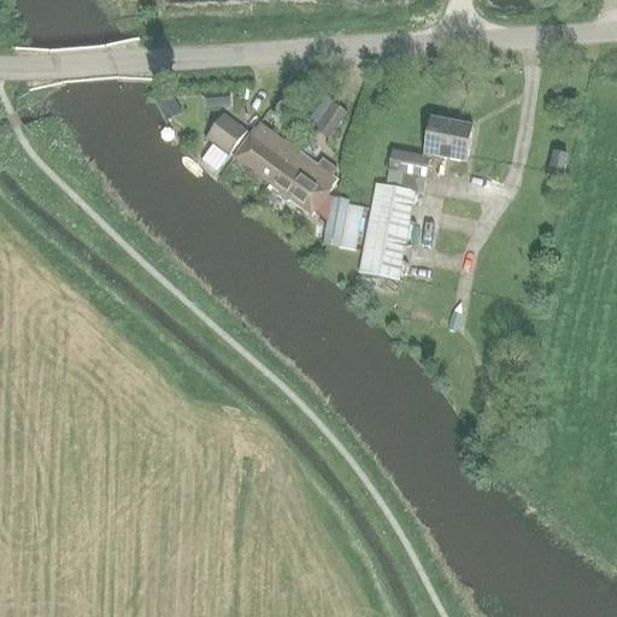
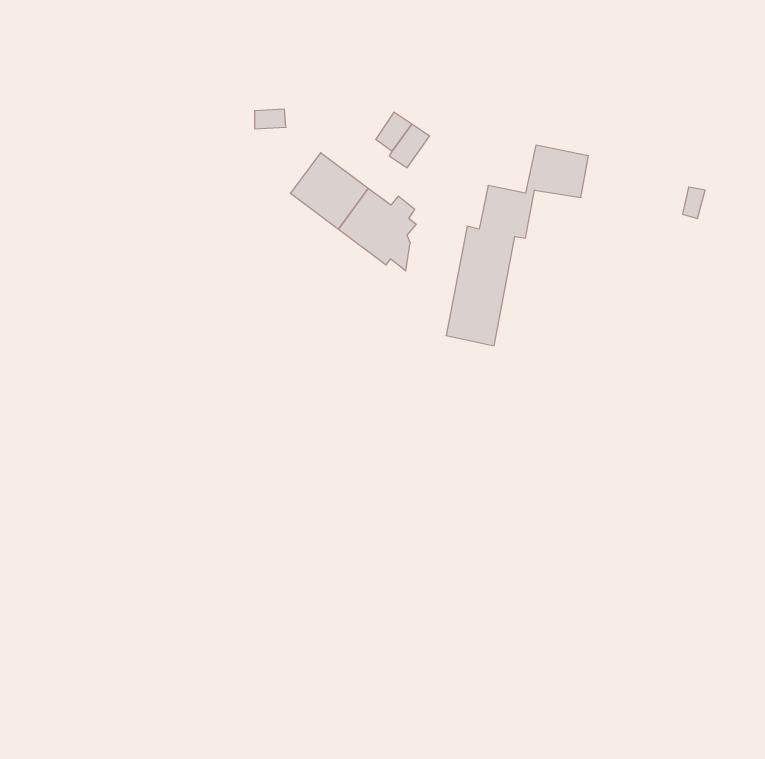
building: [205,111,247,153] -> none
building: [322,195,365,248] -> none

